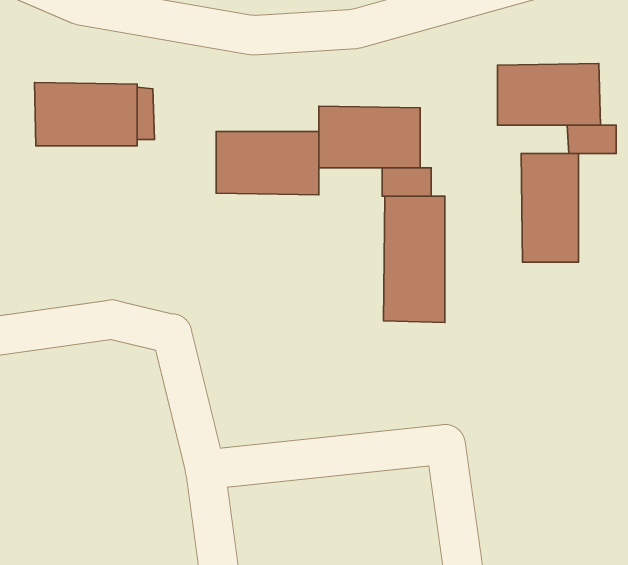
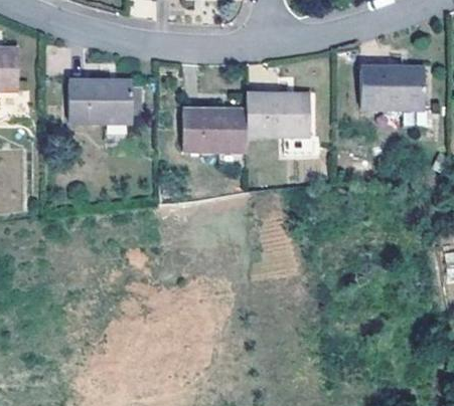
building: [521,154,579,262] -> none
building: [383,196,445,323] -> none

